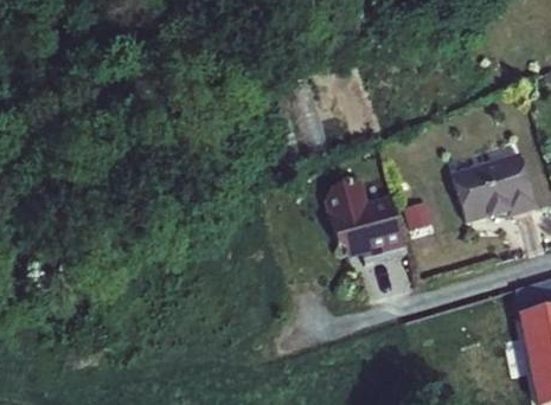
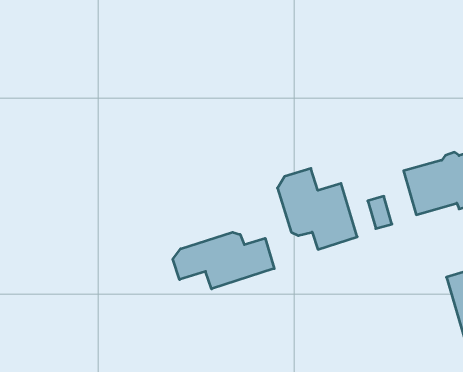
building: none -> [173,232,274,289]

